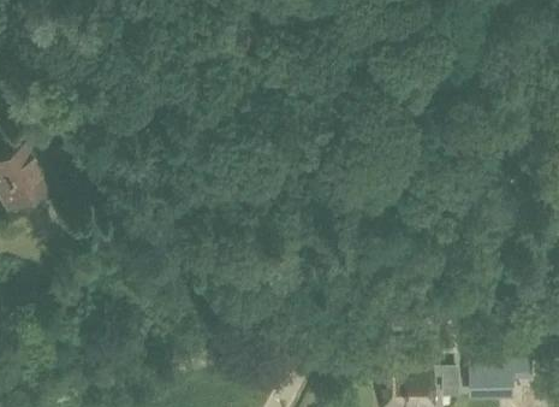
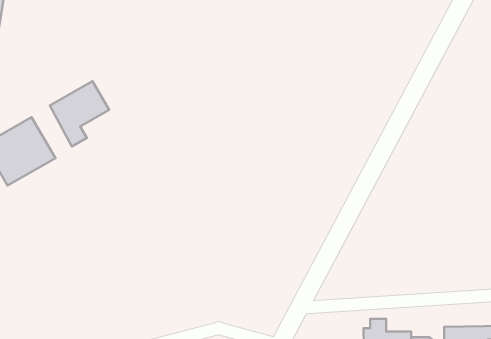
building: none -> [50,81,109,146]

